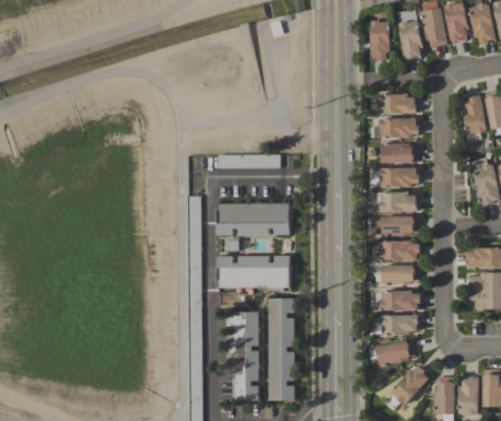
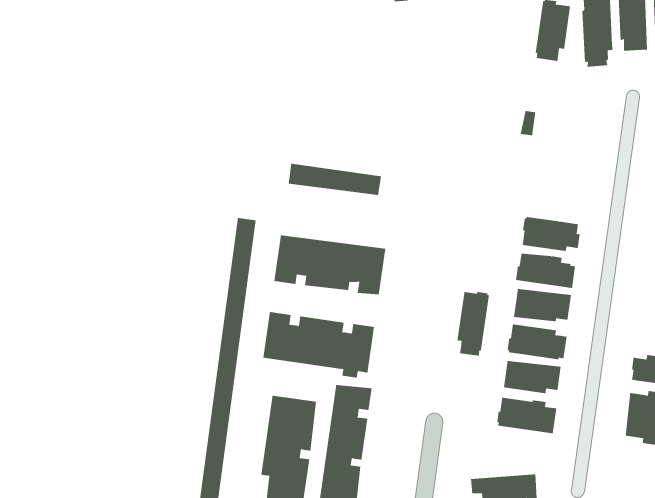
building: [380,93,418,114] -> none
building: [380,118,419,138] -> none
building: [381,143,418,163] -> none
building: none -> [457,291,489,357]
building: [381,315,420,335] -> none

